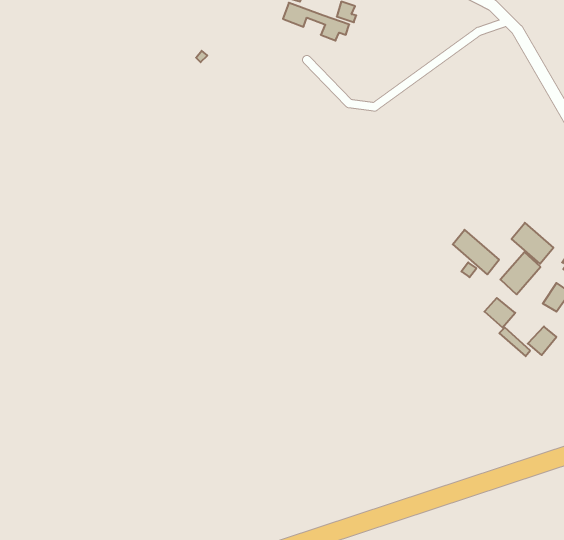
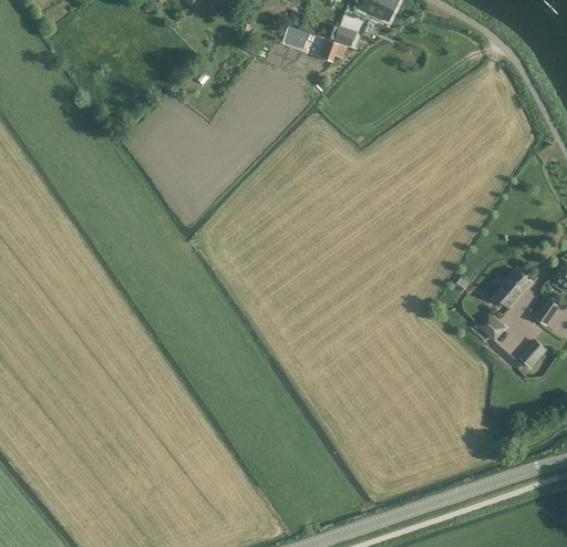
building: [512,223,553,264] -> none
building: [453,230,499,274] -> none

